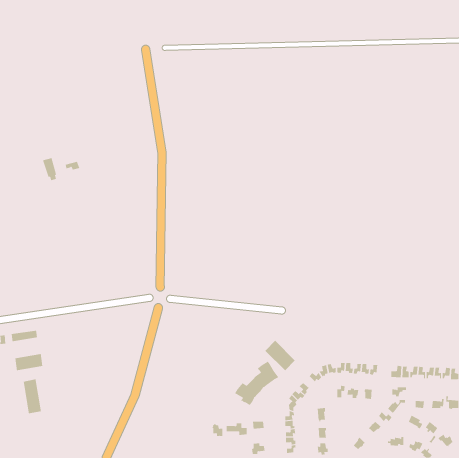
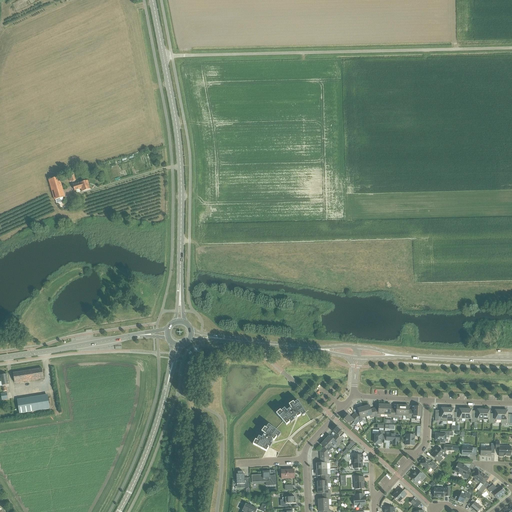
building: [265,340,296,371] -> none
building: [23,379,41,414] -> none

